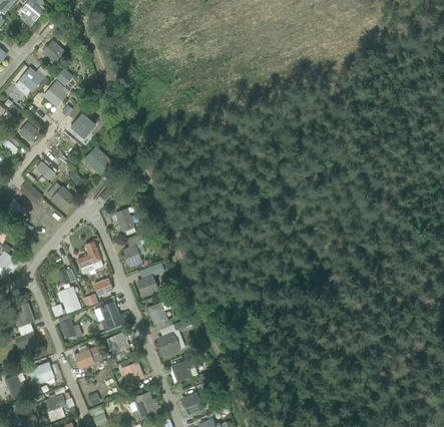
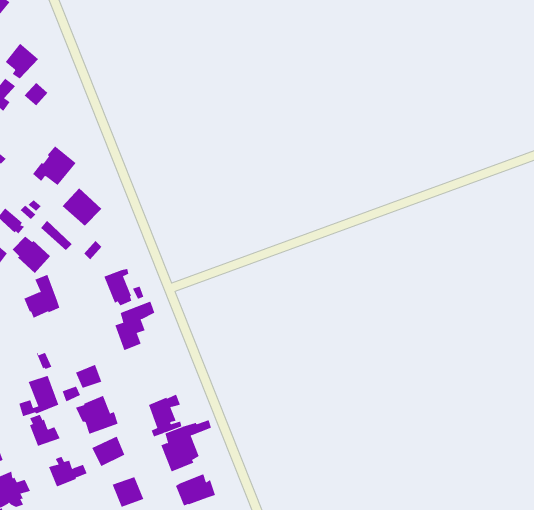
building: [43,80,70,107] -> none
building: [76,241,103,274] -> [24,274,60,319]
building: [135,263,164,298] -> none

